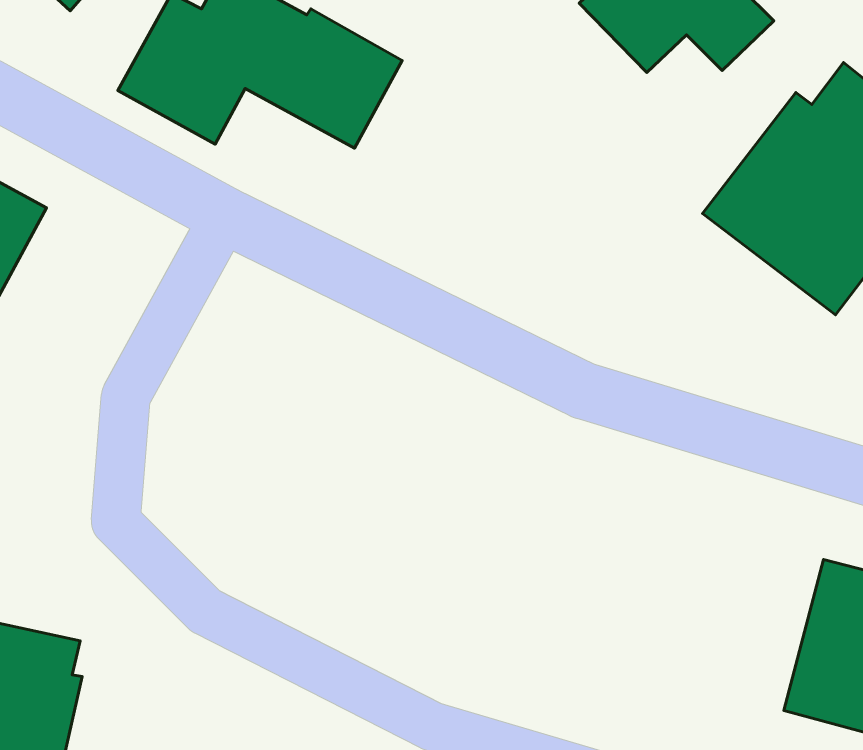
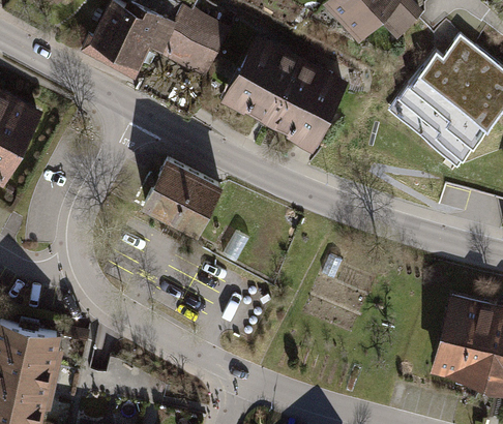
building: none -> [218,33,348,151]
building: none -> [144,155,226,235]

